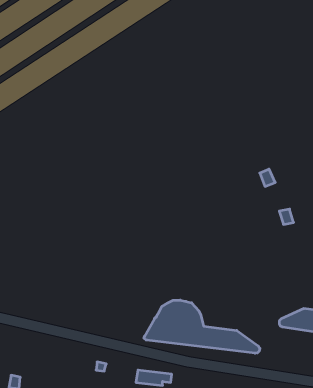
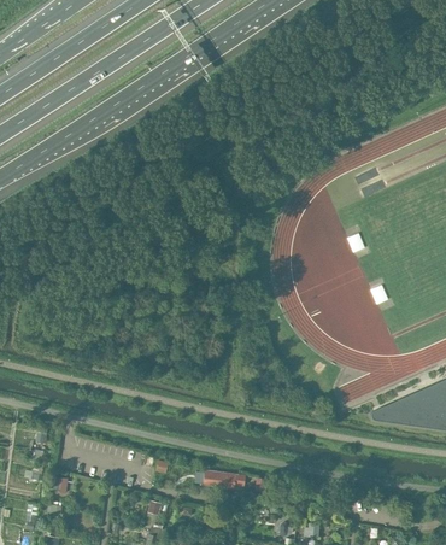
building: [144,300,260,353] -> none

